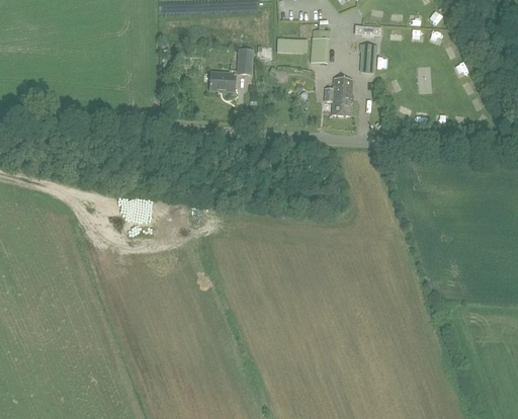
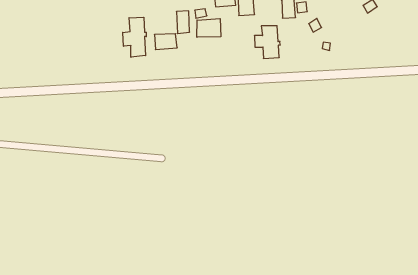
building: none -> [123,17,146,57]
building: none -> [197,19,221,37]

